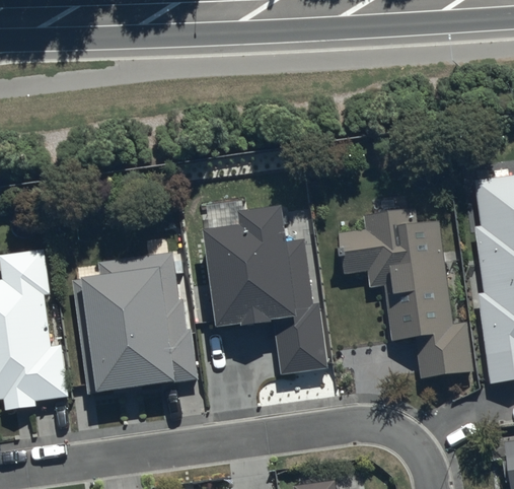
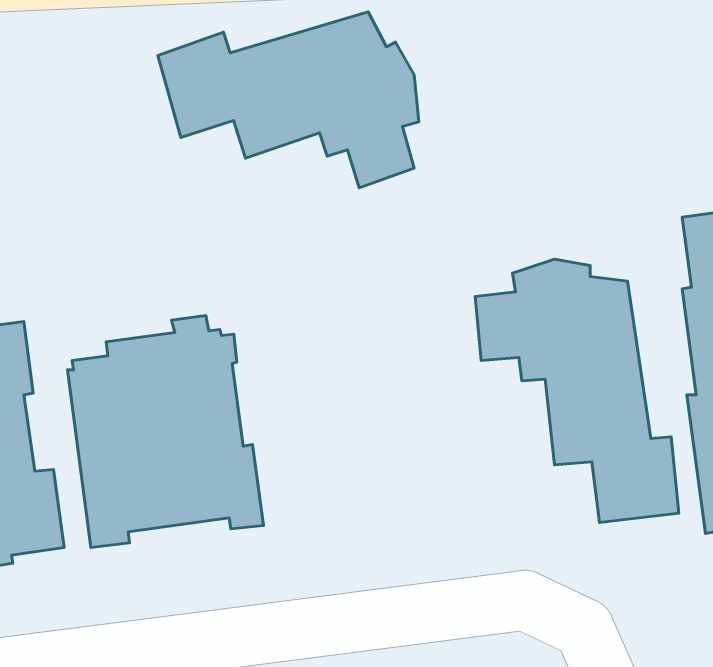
building: none -> [158,12,419,188]
building: [194,206,328,381] -> none

